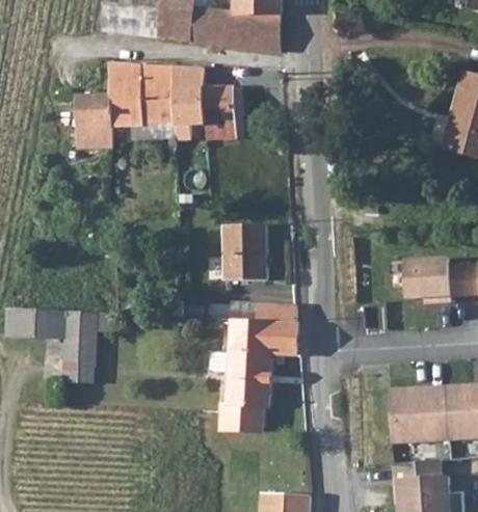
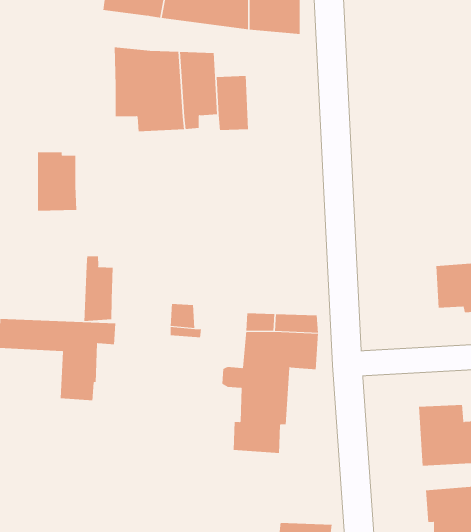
building: [76,95,112,149] -> [37,152,77,211]
building: [223,224,265,280] -> none
building: none -> [84,255,113,322]

